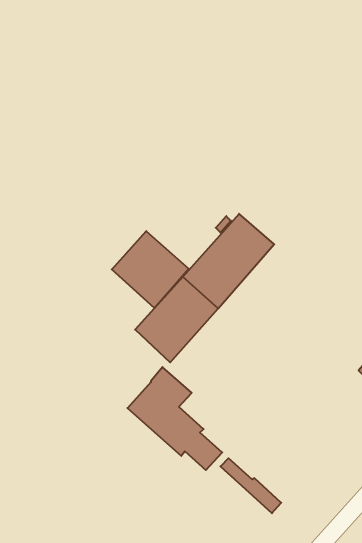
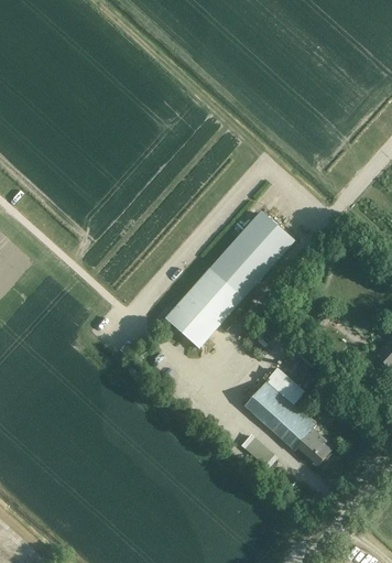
building: [112,231,189,308] -> none
building: [127,367,222,470] -> [243,368,333,465]

